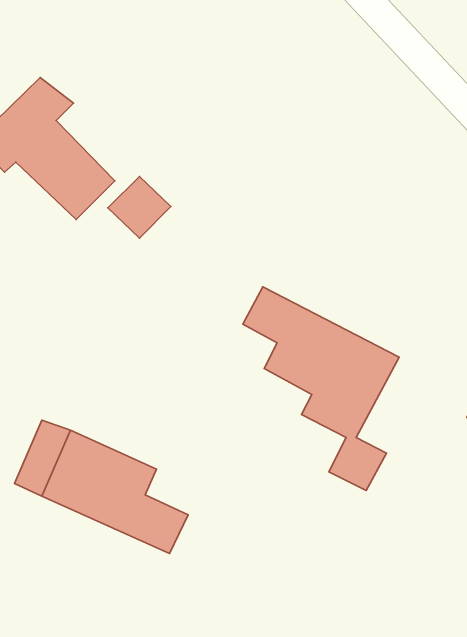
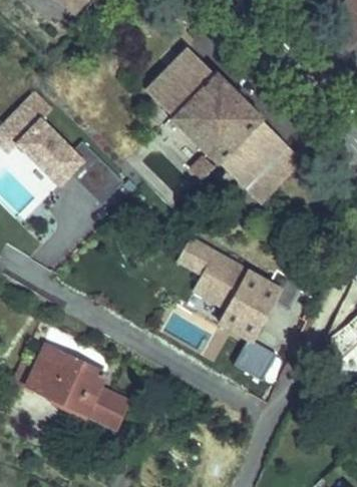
building: none -> [145,47,302,198]

